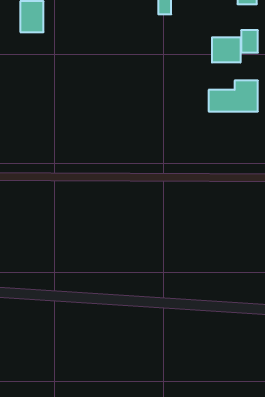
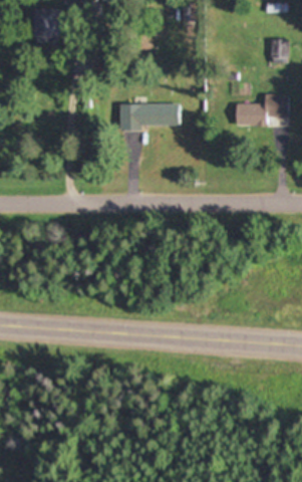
building: [212,37,240,63] -> none
building: none -> [119,103,179,128]

